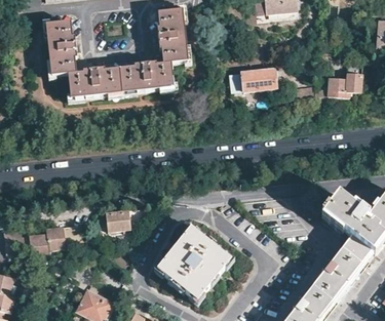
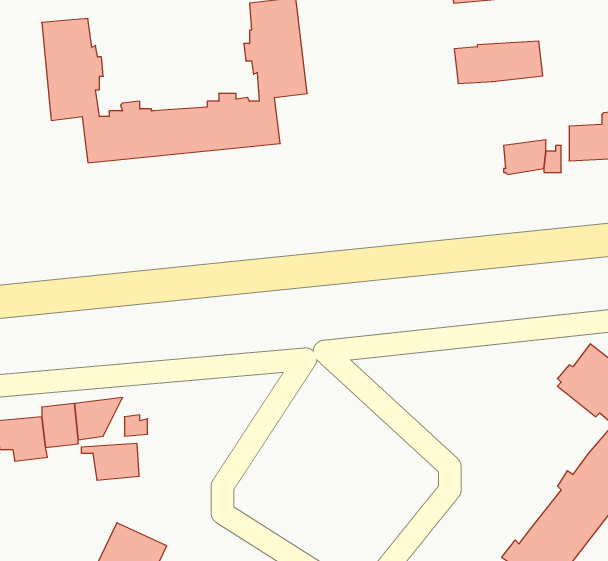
building: [229,69,276,91] -> [454,41,543,83]
building: [100,210,130,230] -> [81,443,139,480]
building: [157,227,231,299] -> none

